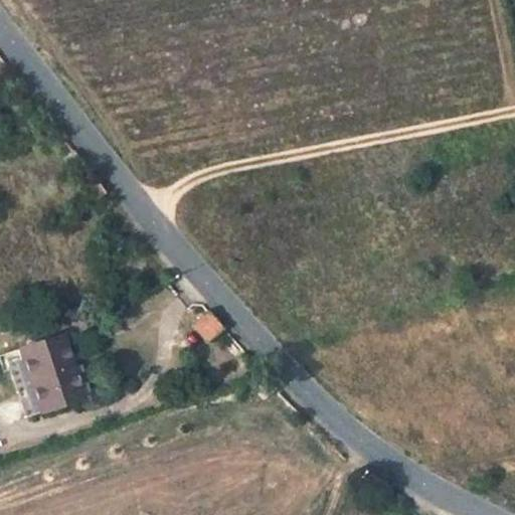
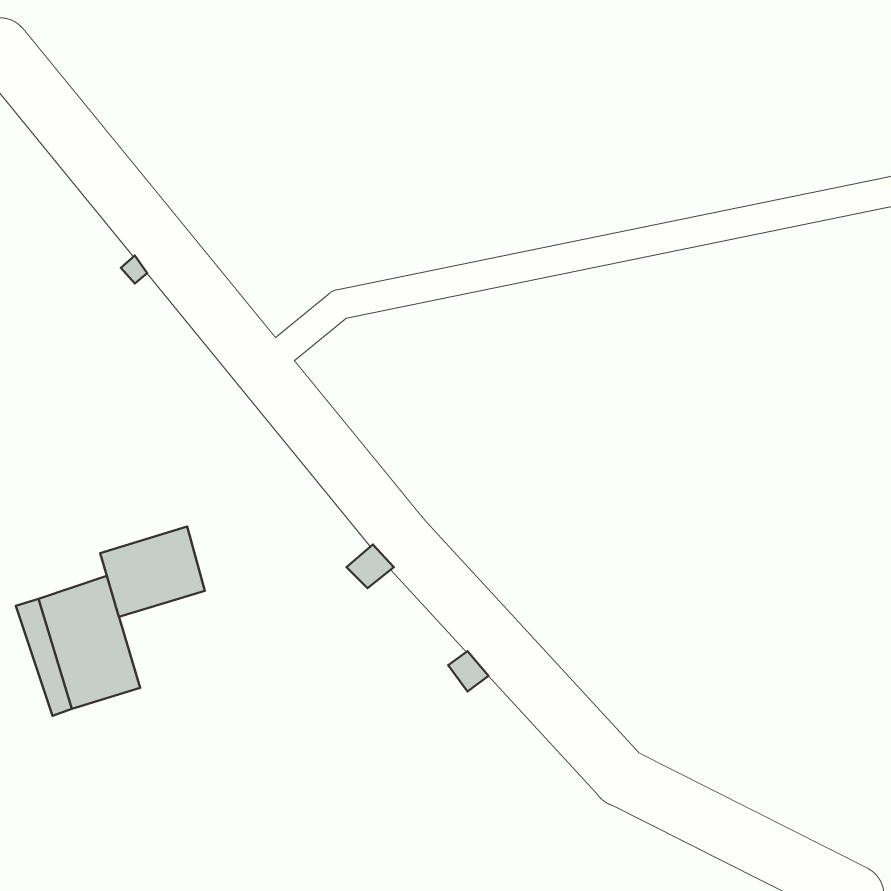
building: none -> [100,527,205,617]

